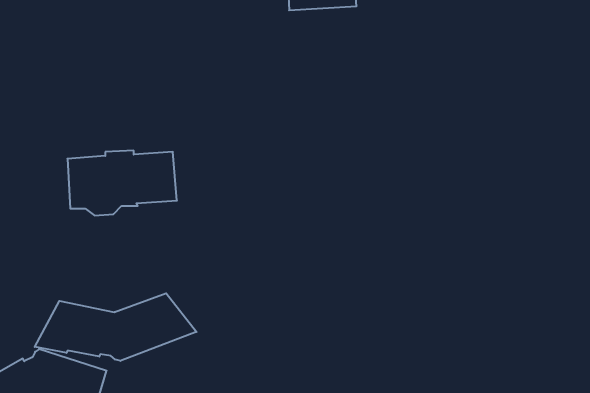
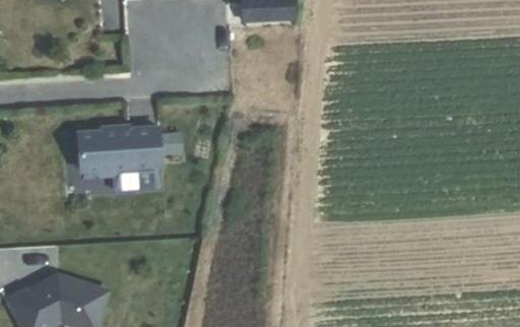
building: [35,293,197,361] -> none

